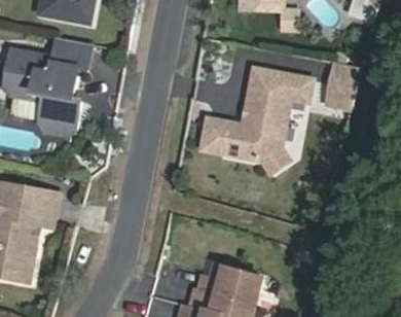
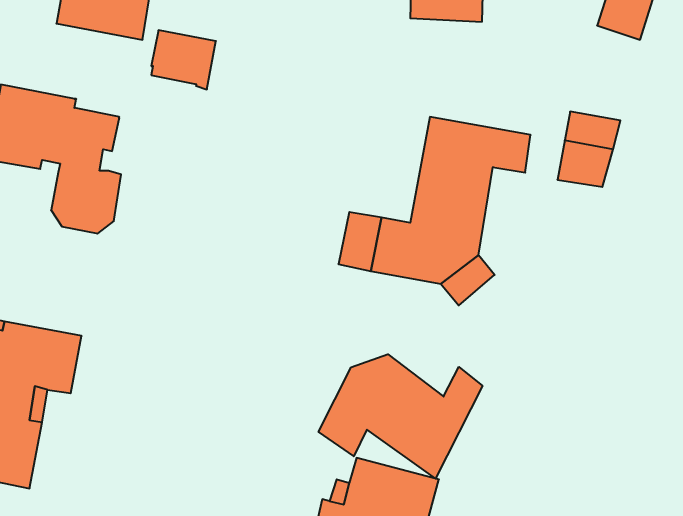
building: [51,37,88,71] -> [151,30,216,89]
building: none -> [319,354,482,479]

